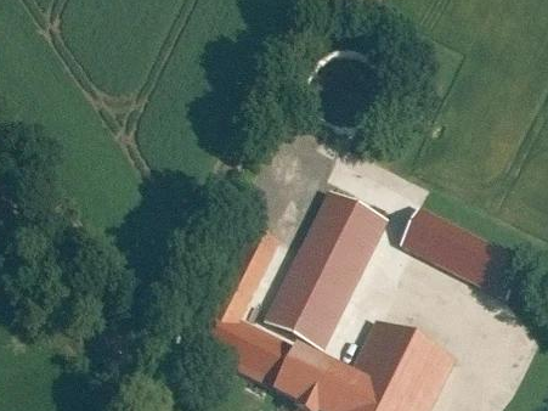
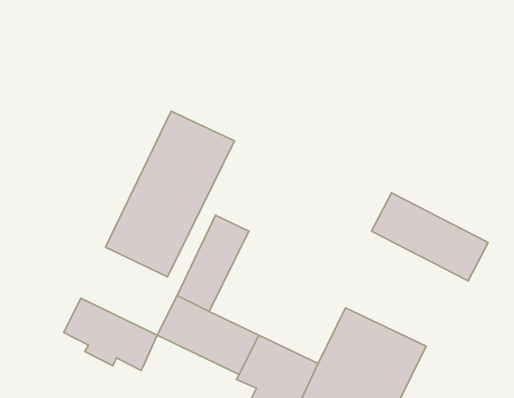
building: [264,191,390,354] -> [106,111,234,277]
building: none -> [64,298,157,370]

